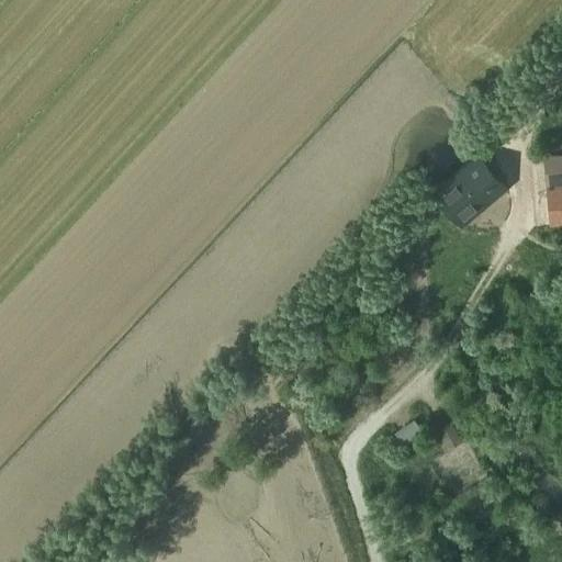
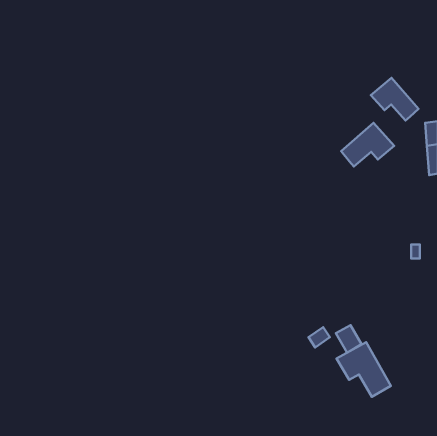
building: none -> [371,78,418,121]
building: none -> [337,342,391,397]

